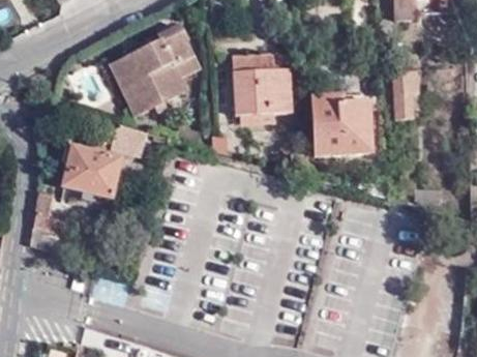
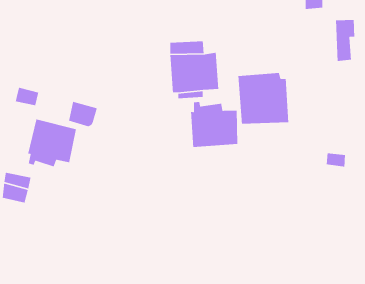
building: [115,25,200,113] -> none
building: [394,70,418,121] -> [335,19,355,62]
building: none -> [190,101,238,148]

